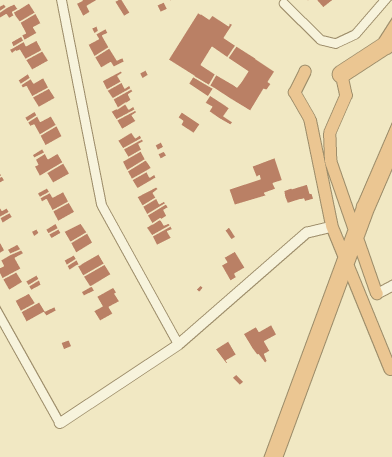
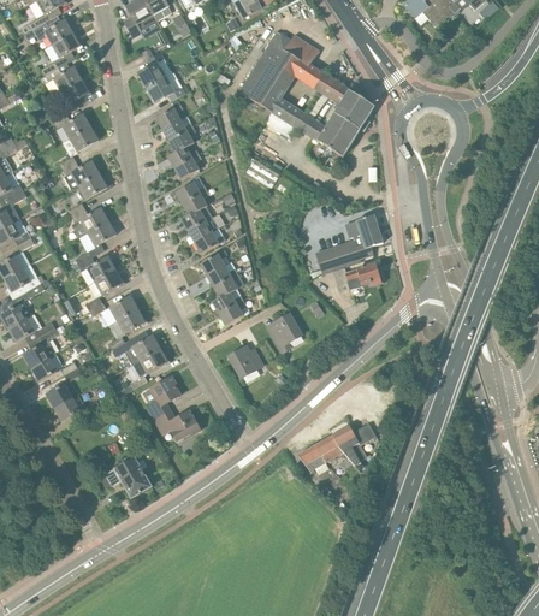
building: [204,95,233,125] -> none
building: [283,184,314,204] -> [345,262,384,288]
building: [221,251,246,281] -> [271,313,302,351]
building: none -> [229,344,262,377]
building: none -> [154,409,200,439]
building: none -> [315,433,351,469]
building: none -> [105,455,152,497]

